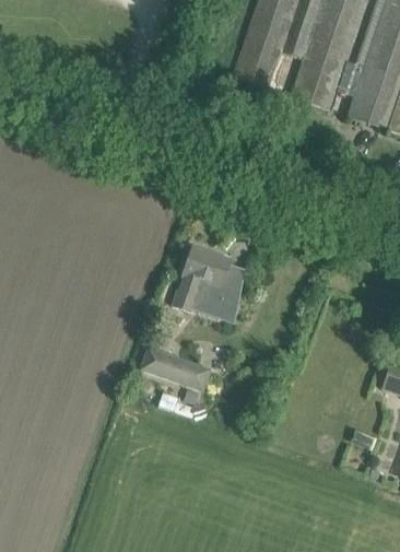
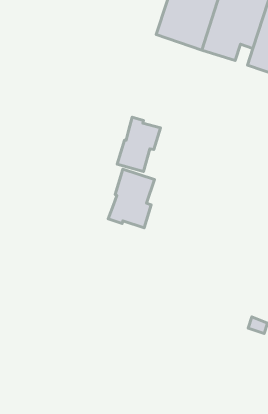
building: none -> [117,117,160,172]
building: [140,345,211,391] -> none

